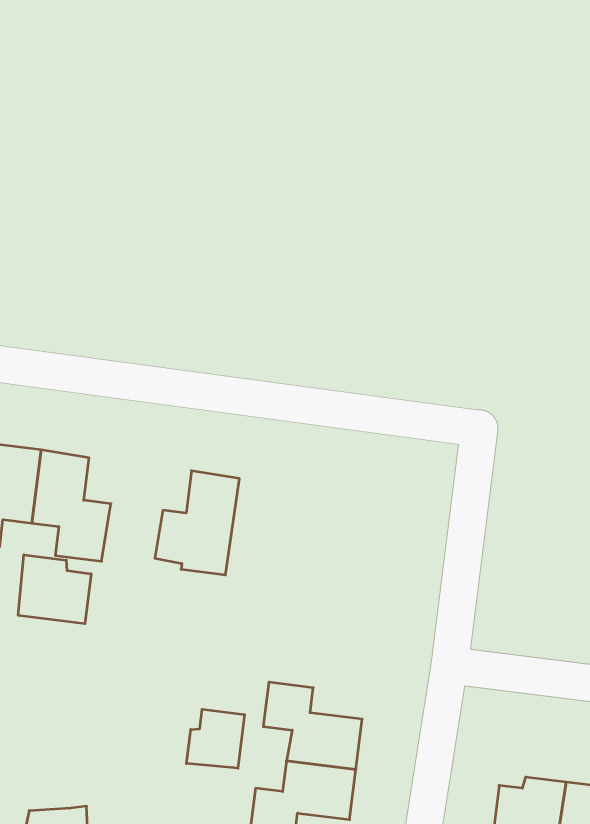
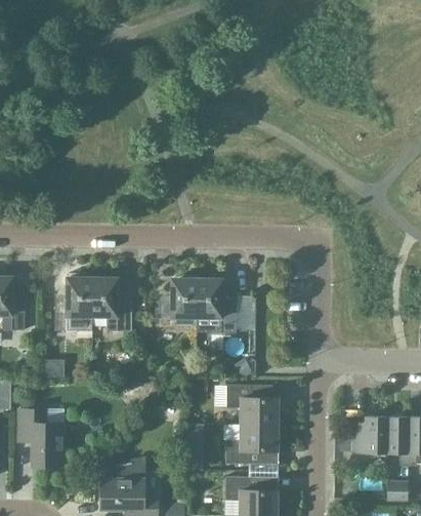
building: none -> [197,279,237,332]
building: [18,555,91,624] -> none
building: [186,709,245,768] -> none

